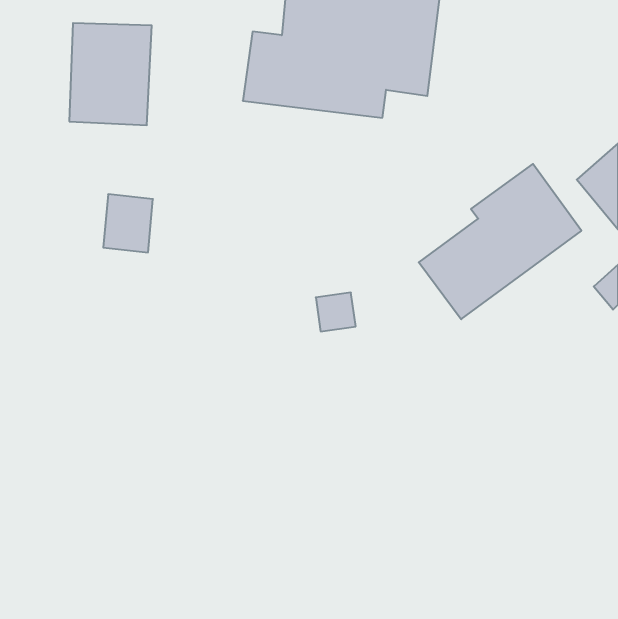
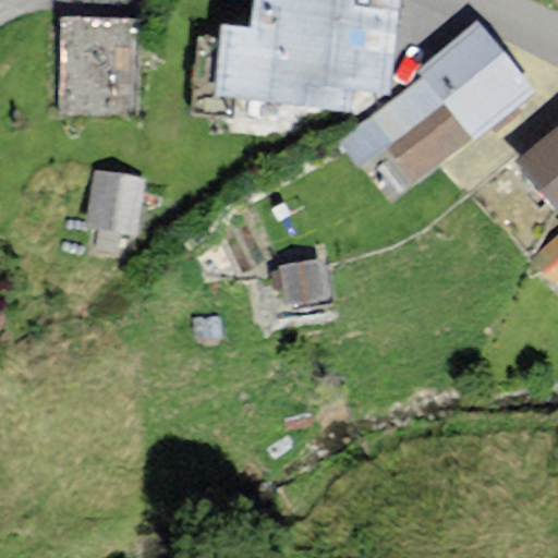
building: [419,164,581,319] -> [377,27,523,167]

